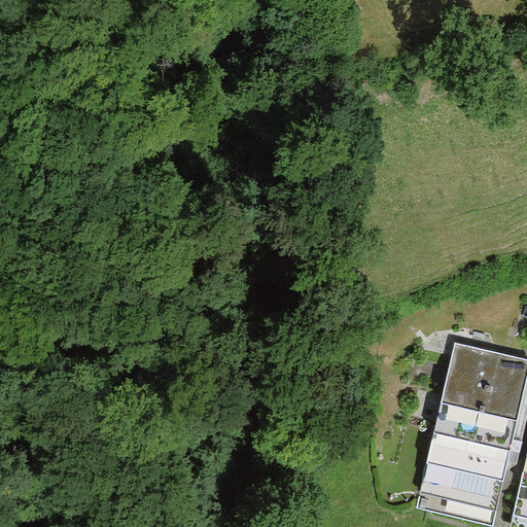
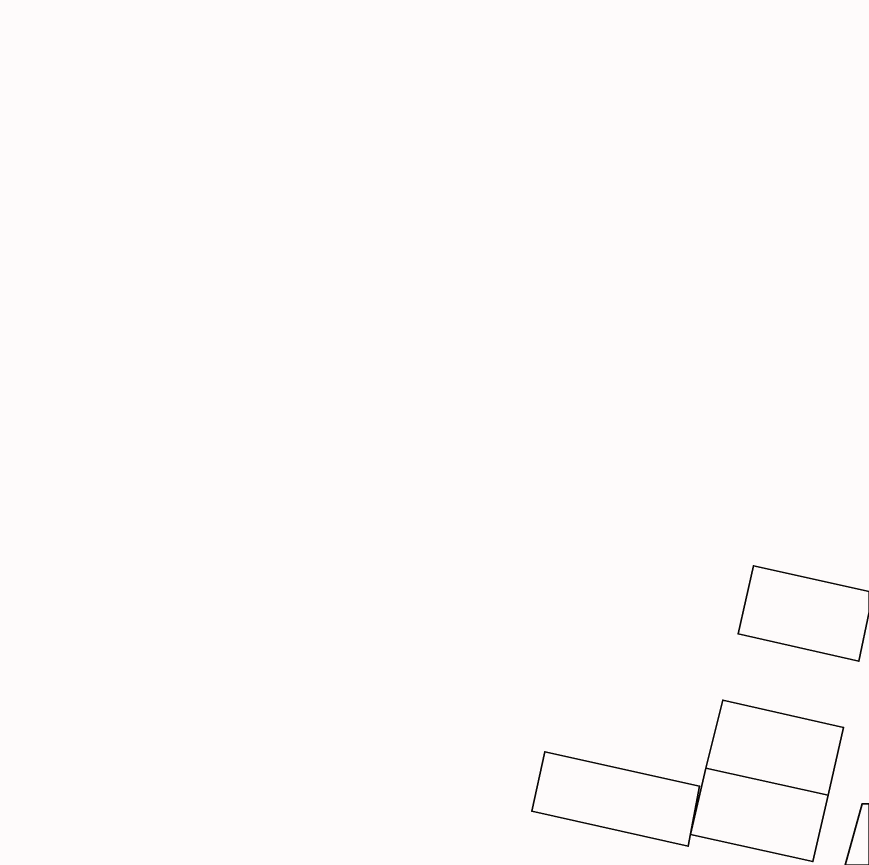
building: [437,384,520,441] -> none
building: none -> [532,752,699,846]

